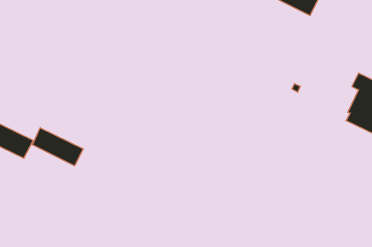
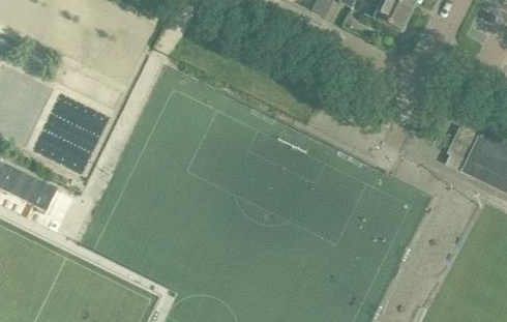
building: [32,128,83,166] -> none

